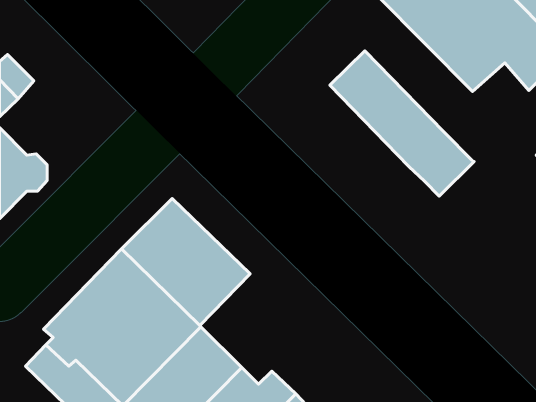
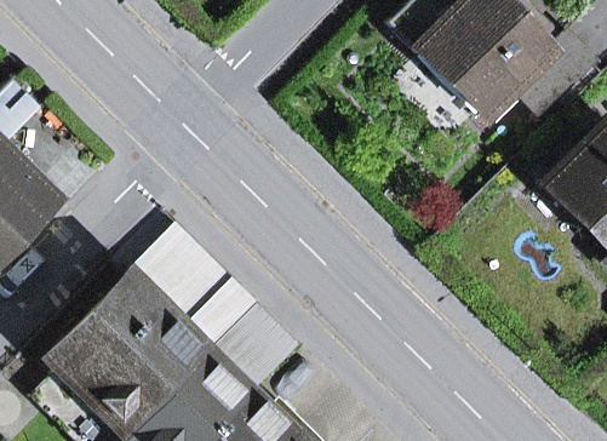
building: [330,51,474,196] -> none

